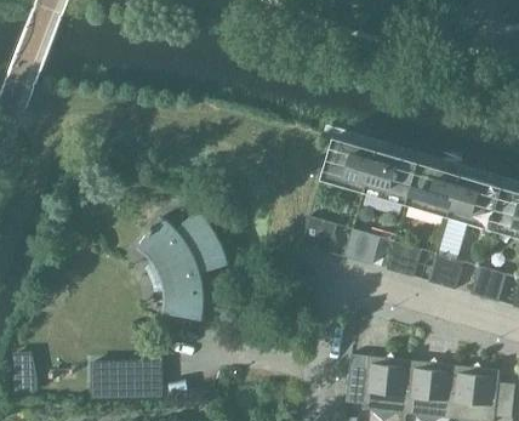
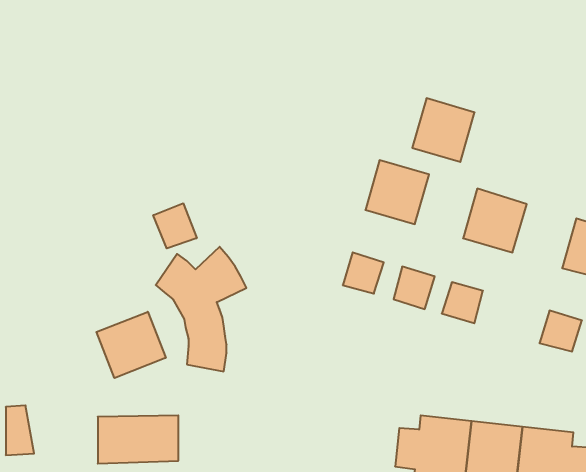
building: [365,150,418,205] -> [412,98,475,162]
building: none -> [153,203,197,248]
building: [449,176,503,231] -> none
building: [430,255,466,290] -> none
building: none -> [96,312,166,378]

